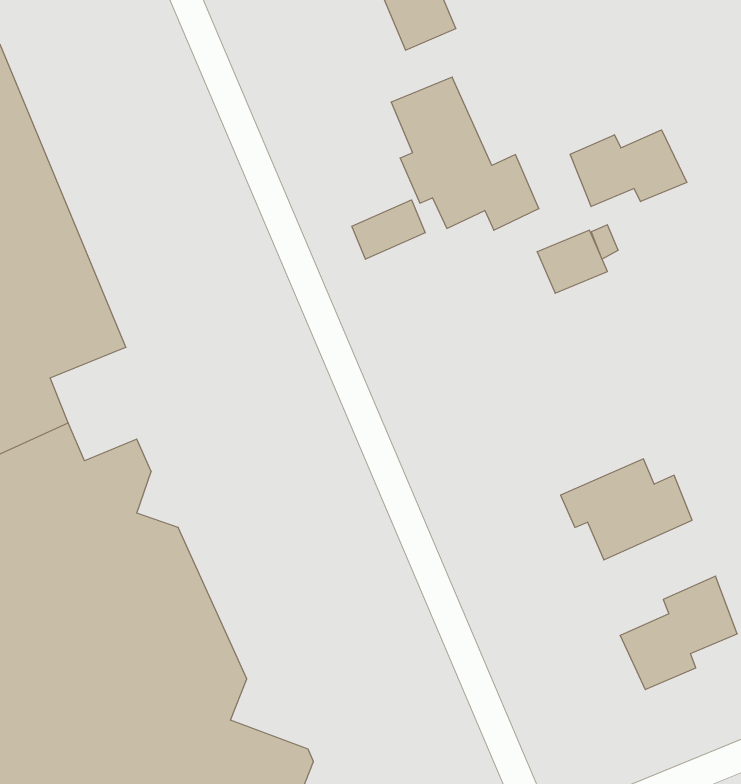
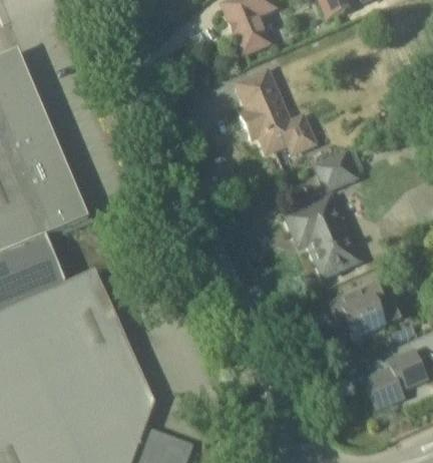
building: [570,130,687,207] -> none
building: [352,200,425,259] -> none
building: none -> [286,194,358,274]

